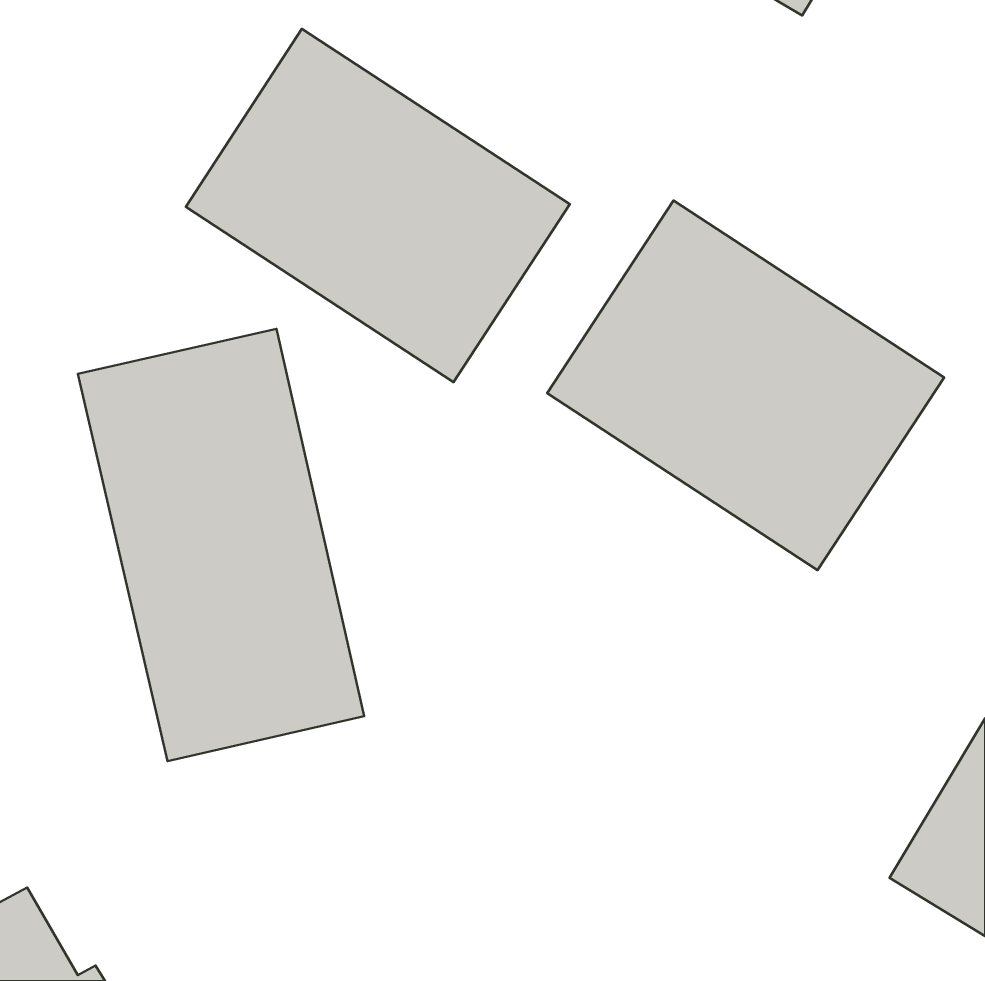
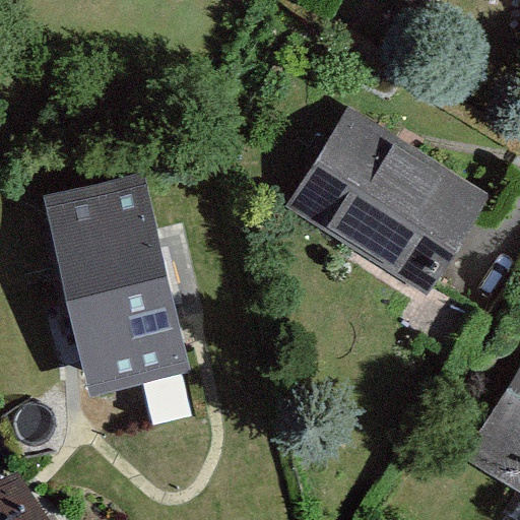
building: [186,29,570,382] -> none

